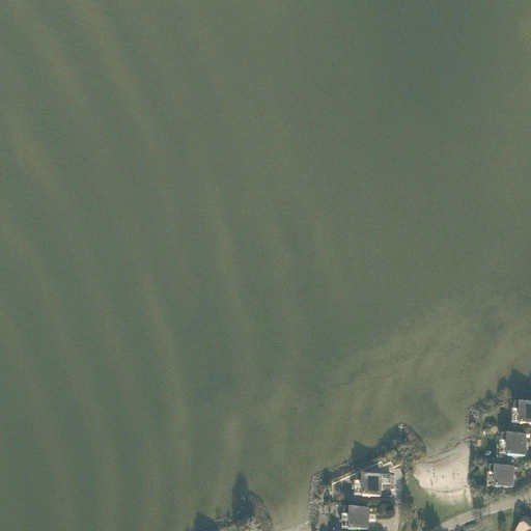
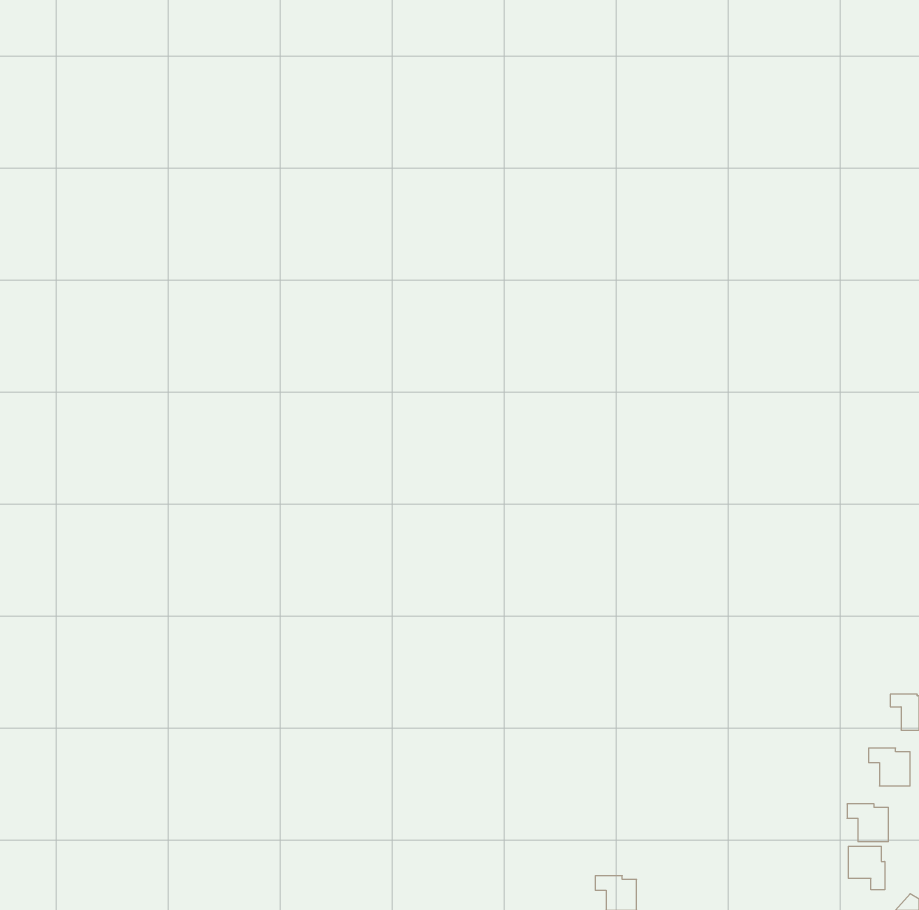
building: [356,474,380,495] -> none
building: none -> [848,846,885,890]

